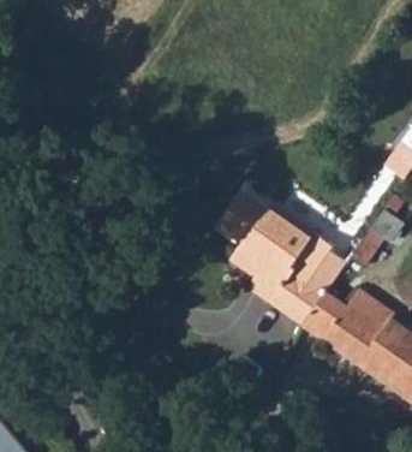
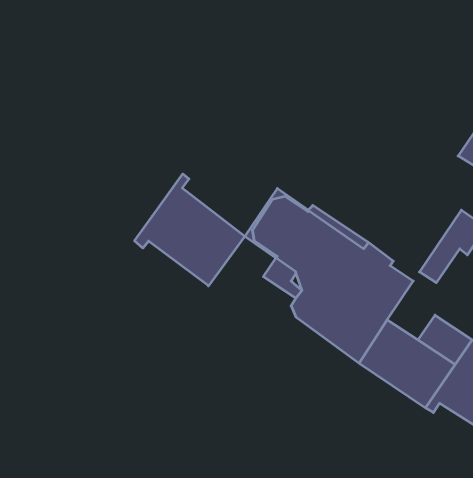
building: none -> [135,174,245,286]

